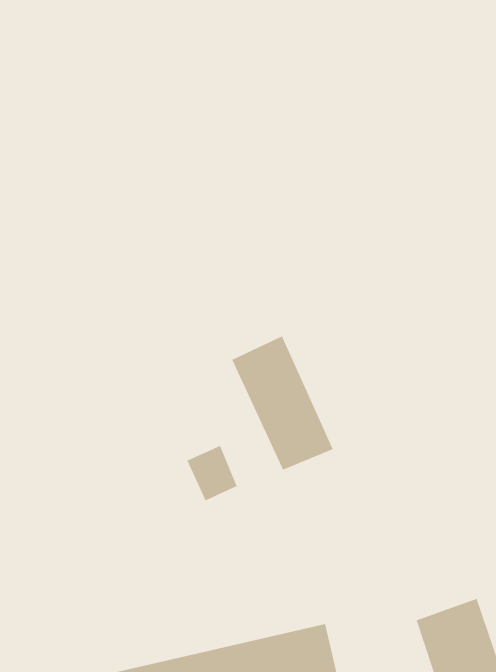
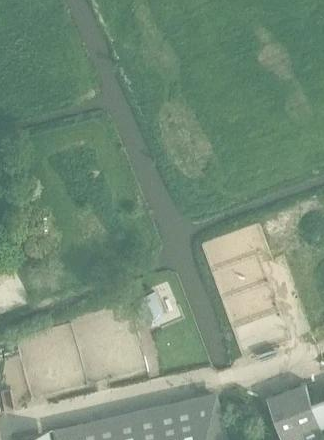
building: [232,336,333,471] -> none

